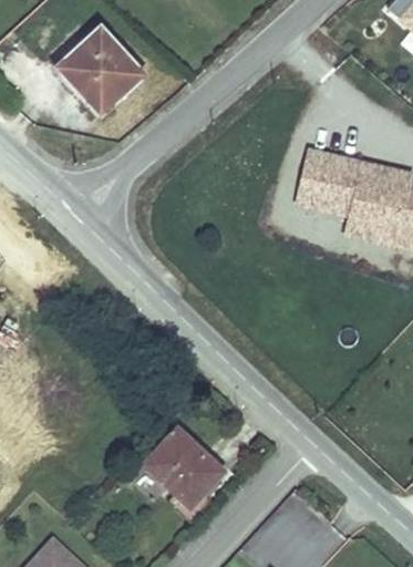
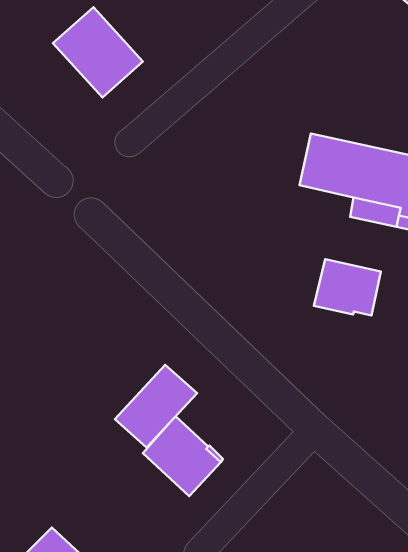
building: none -> [314,259,381,315]
building: none -> [115,365,197,448]

